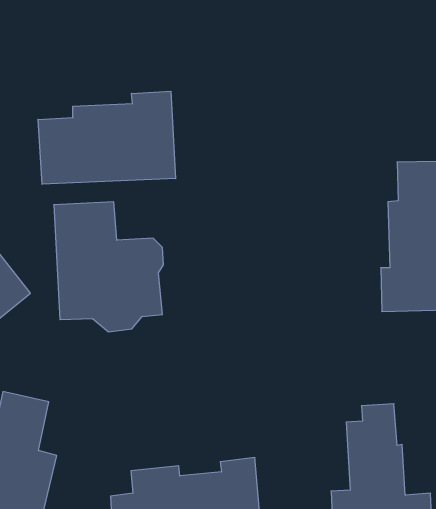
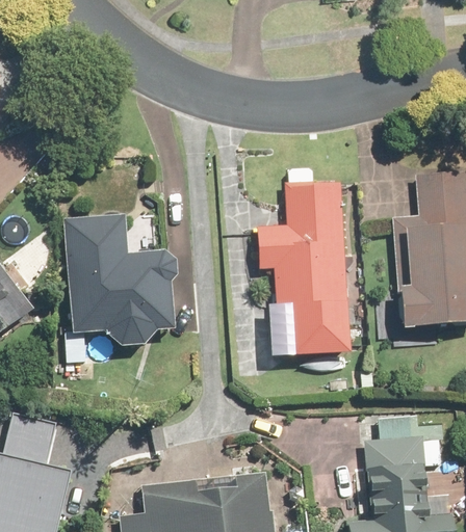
building: [38,91,176,184] -> none
building: none -> [259,166,354,356]

